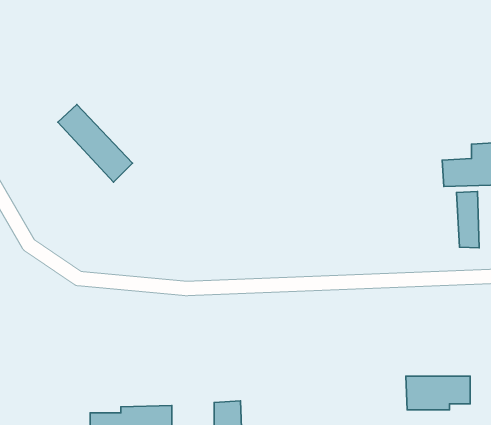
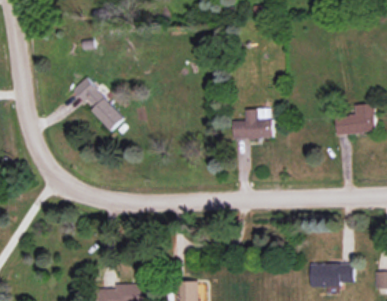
building: none -> [232,109,272,139]
building: [457,192,479,248] -> none

